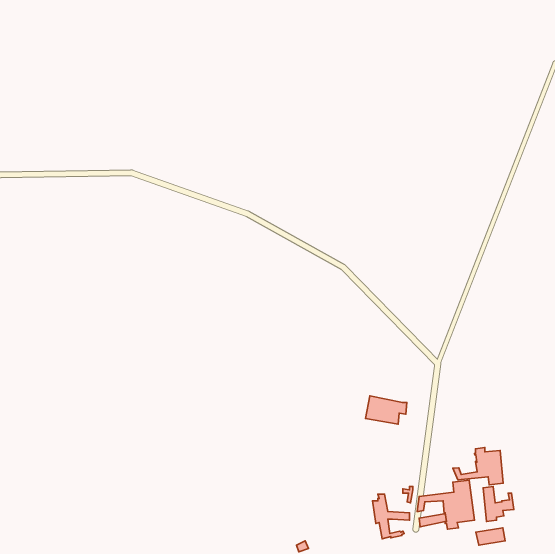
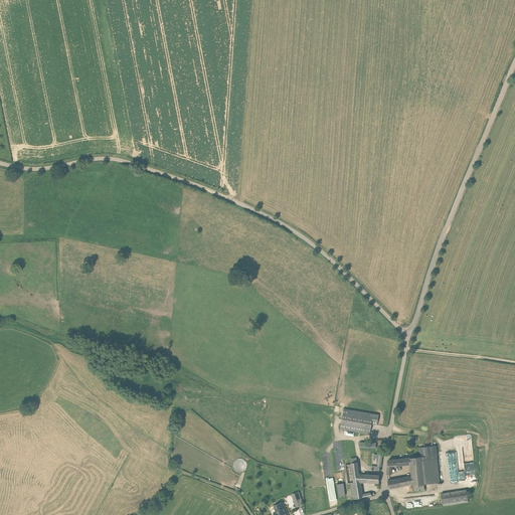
building: [366,396,407,424] -> [340,407,378,434]
building: [453,447,503,485] -> none

